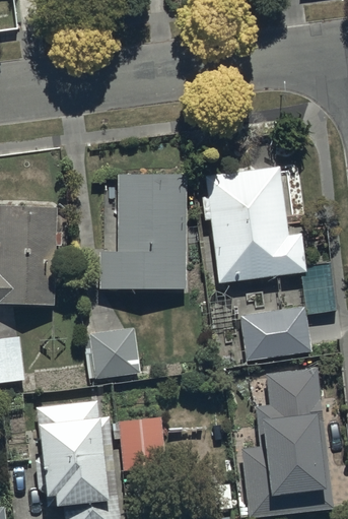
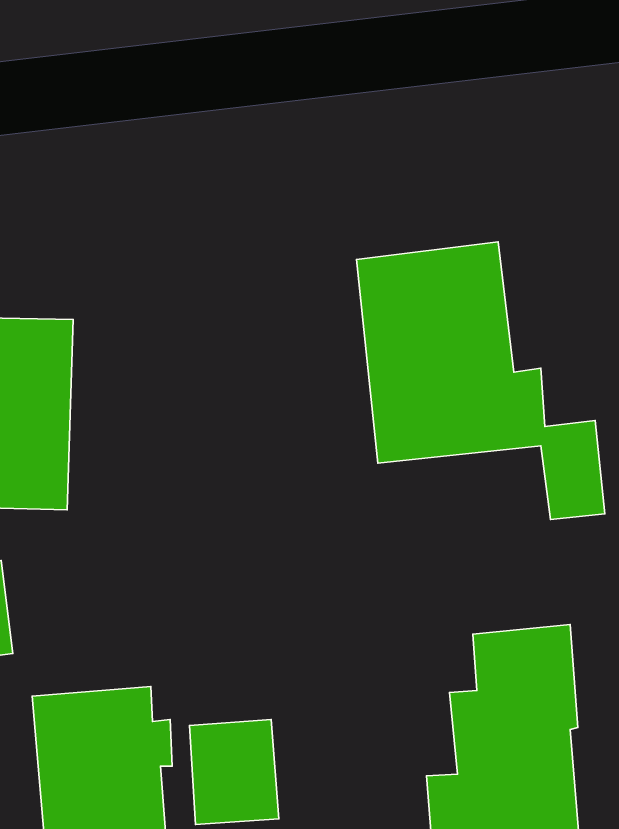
building: [98,176,186,290] -> none
building: [239,306,311,359] -> none
building: [87,327,139,377] -> none

